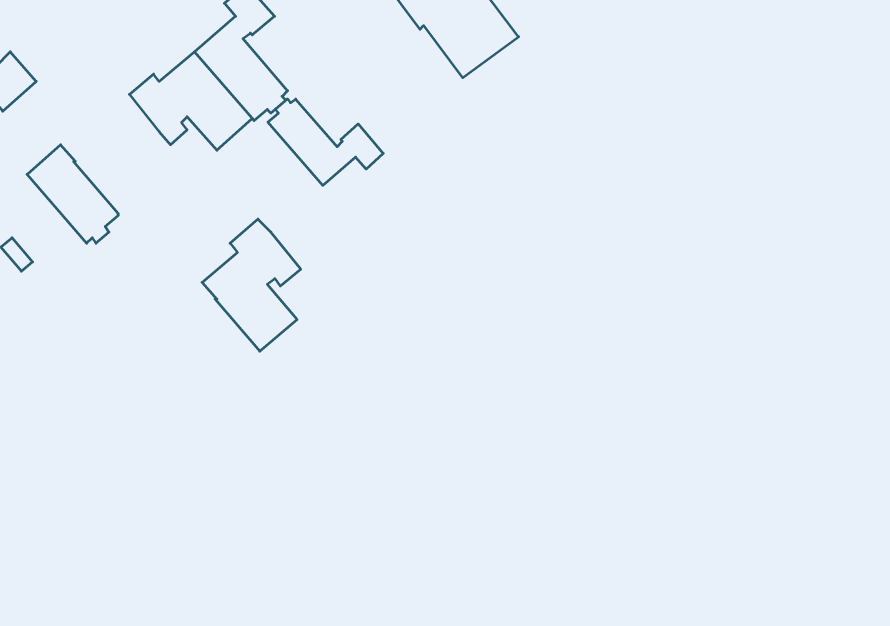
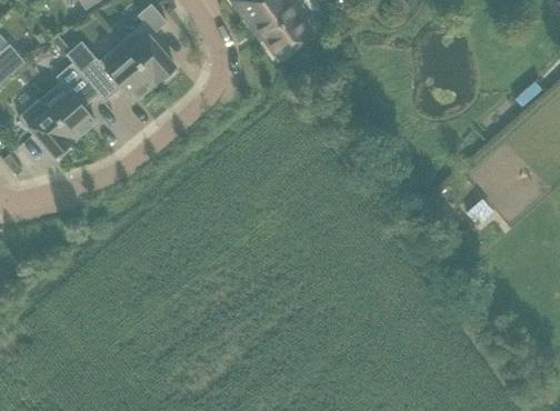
building: [268,99,383,185] -> none
building: [202,219,301,351] -> [39,60,98,139]

